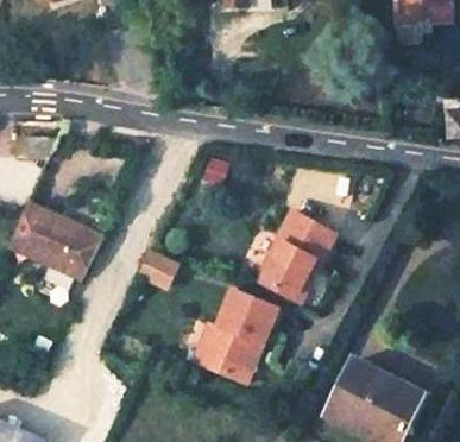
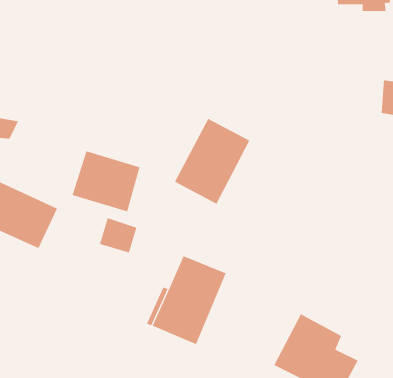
building: none -> [72,150,140,212]
building: [253,211,334,303] -> [174,118,250,204]

